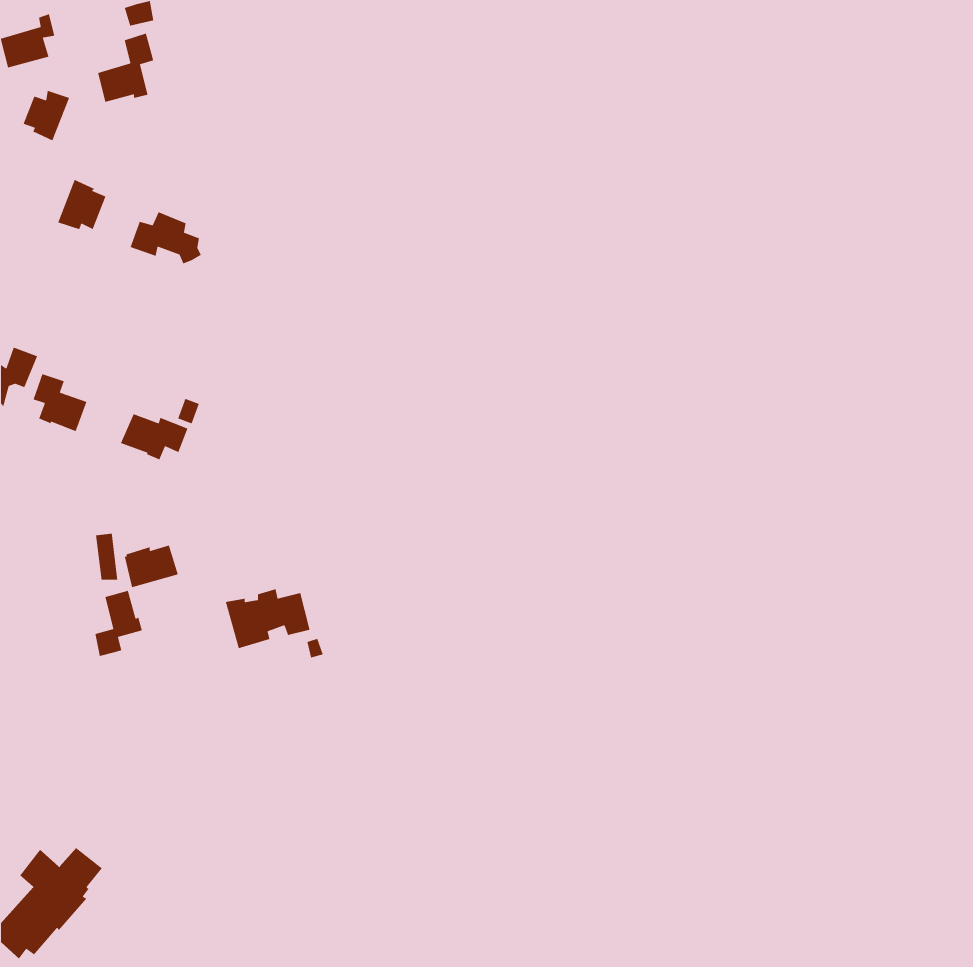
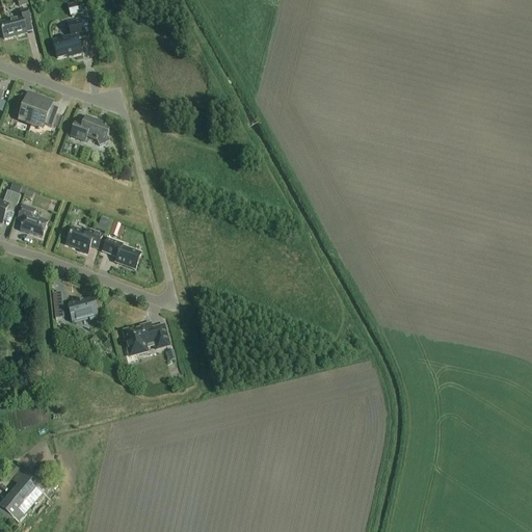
building: [23,90,70,141] -> [15,94,41,122]
building: none -> [103,236,141,268]
building: [94,590,143,657] -> none

